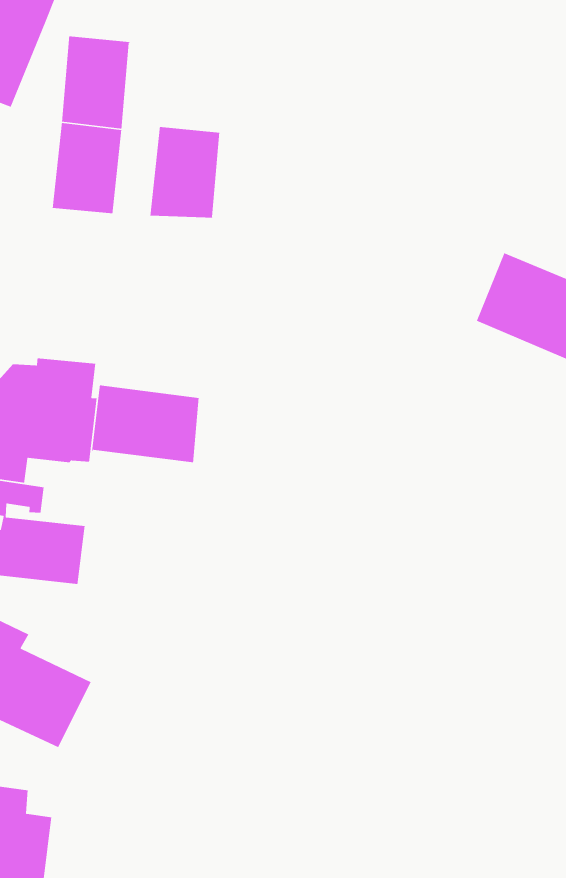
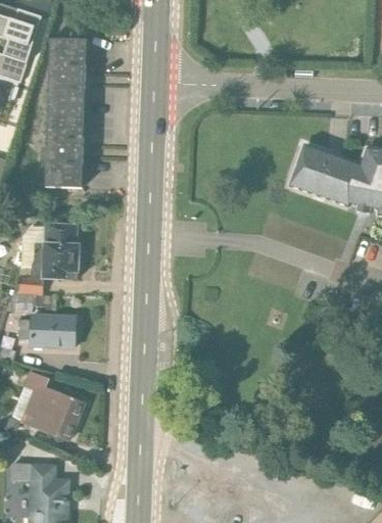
building: [150,126,220,219] -> [45,137,82,188]
building: [91,385,199,463] -> none

